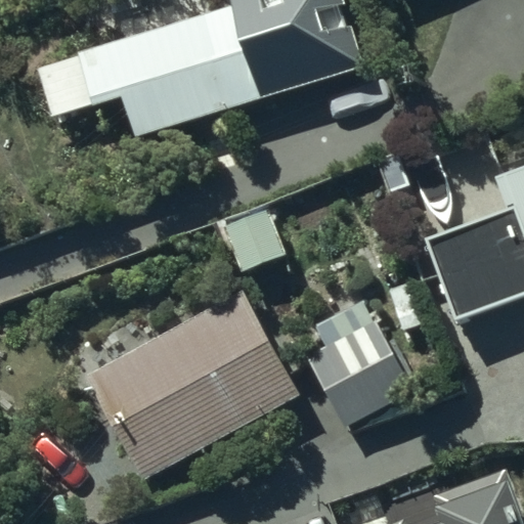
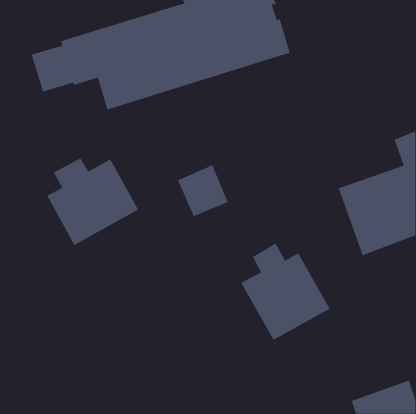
building: none -> [47,157,139,246]
building: [87,290,301,481] -> none

